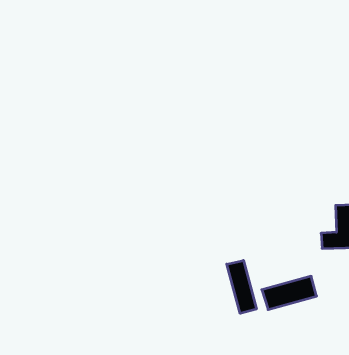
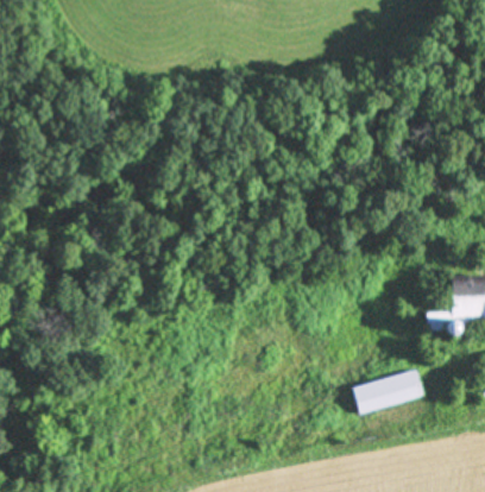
building: [227,260,256,313] -> none

